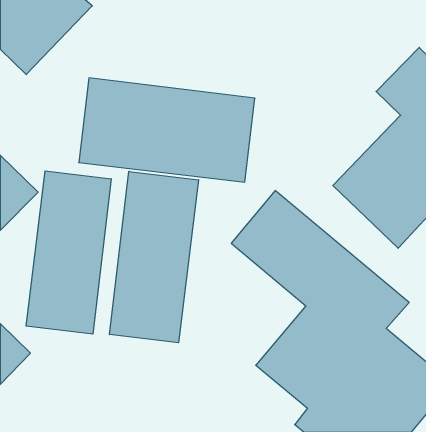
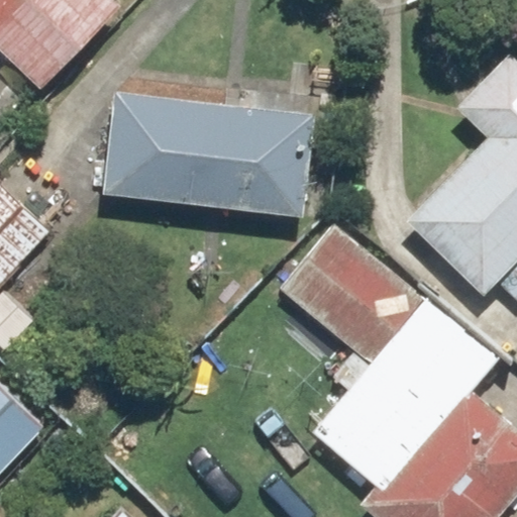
building: [26,171,111,334] -> none
building: [110,171,198,343] -> none

